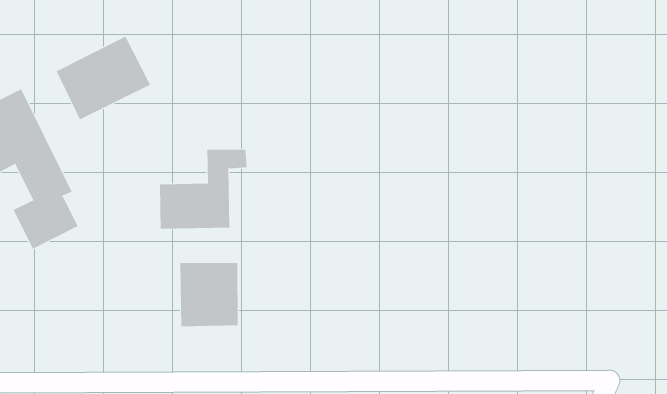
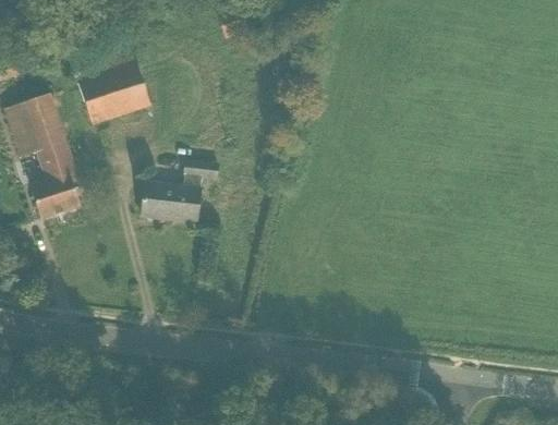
building: [180,262,238,327] -> none

